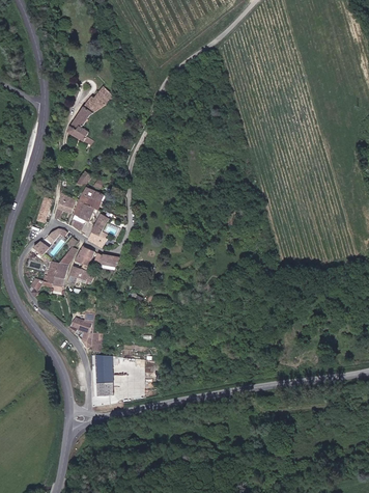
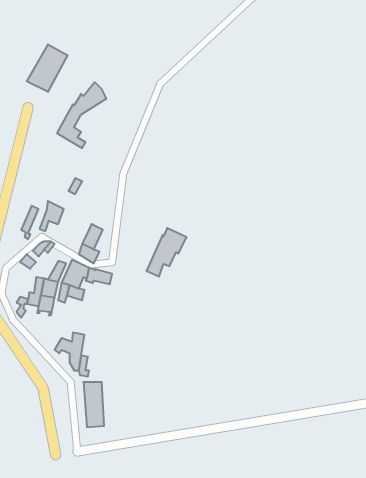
building: none -> [27,44,68,92]
building: [69,187,106,230] -> [146,228,187,277]

